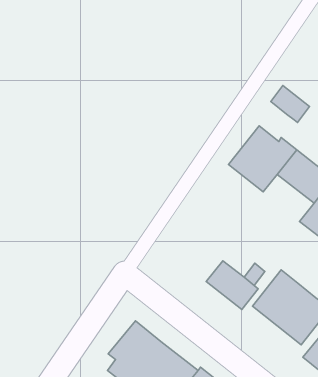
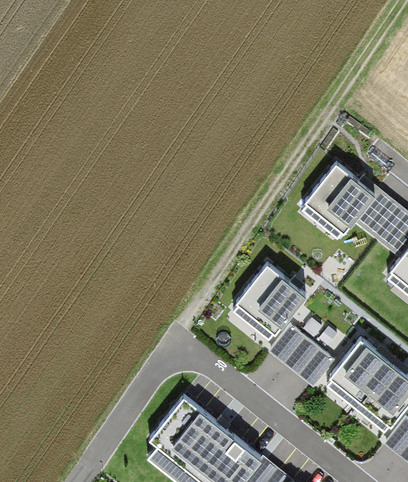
building: [271,86,310,122] -> none
building: none -> [232,262,307,339]

